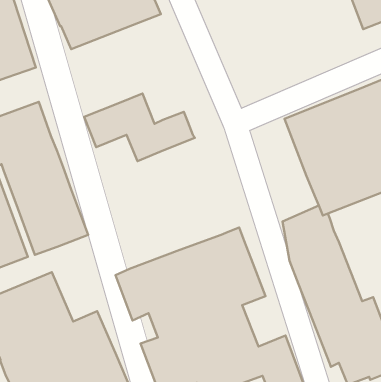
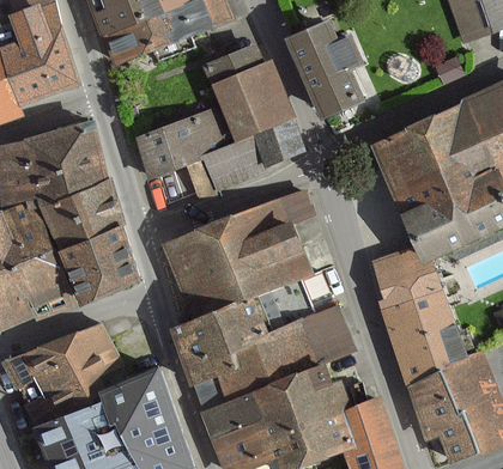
building: none -> [290,24,363,114]
building: none -> [207,47,301,162]
building: none -> [163,190,313,321]

